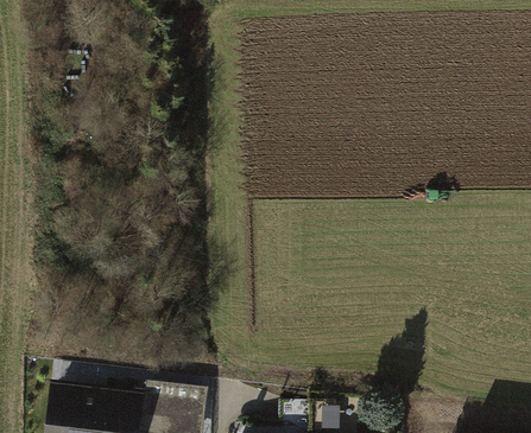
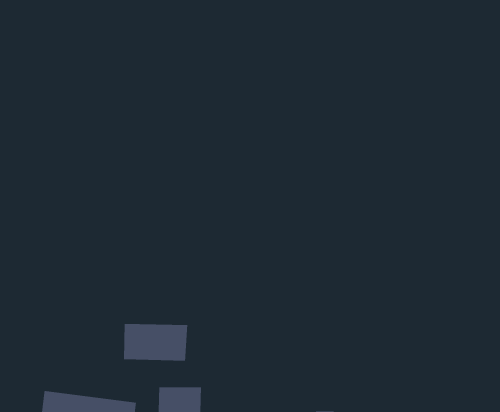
building: none -> [123,323,188,361]

